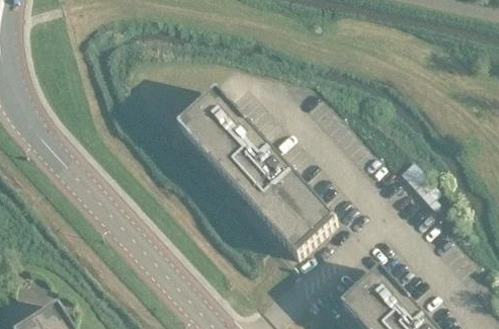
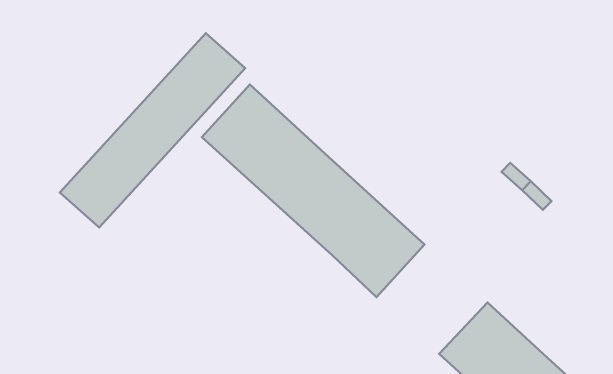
building: none -> [60,33,245,228]

